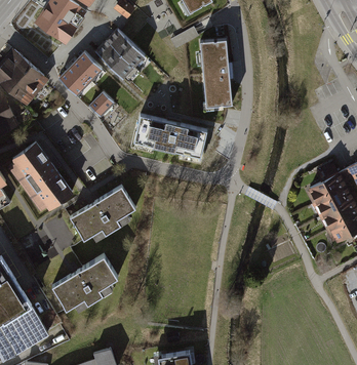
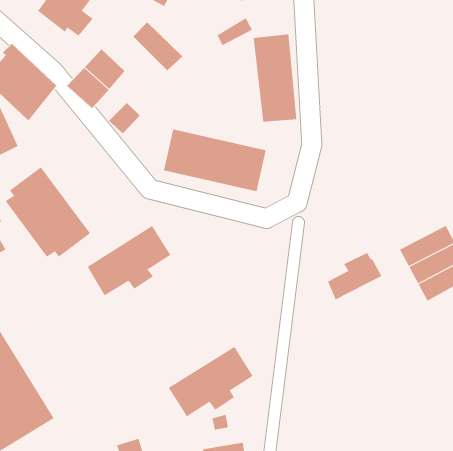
building: [95,41,133,79] -> none
building: [305,167,347,204] -> [327,252,382,300]
building: [51,254,117,309] -> [168,346,254,417]

